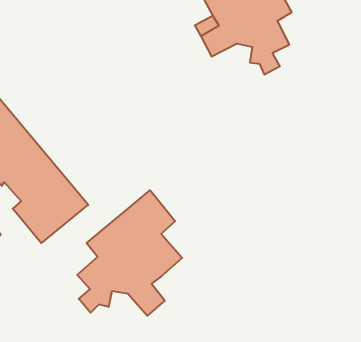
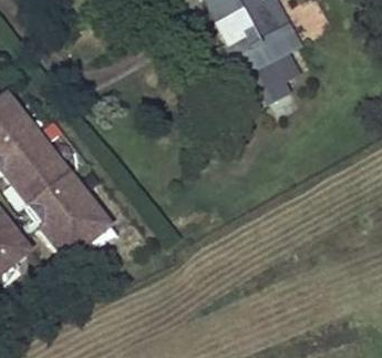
building: [77,190,182,316] -> none

